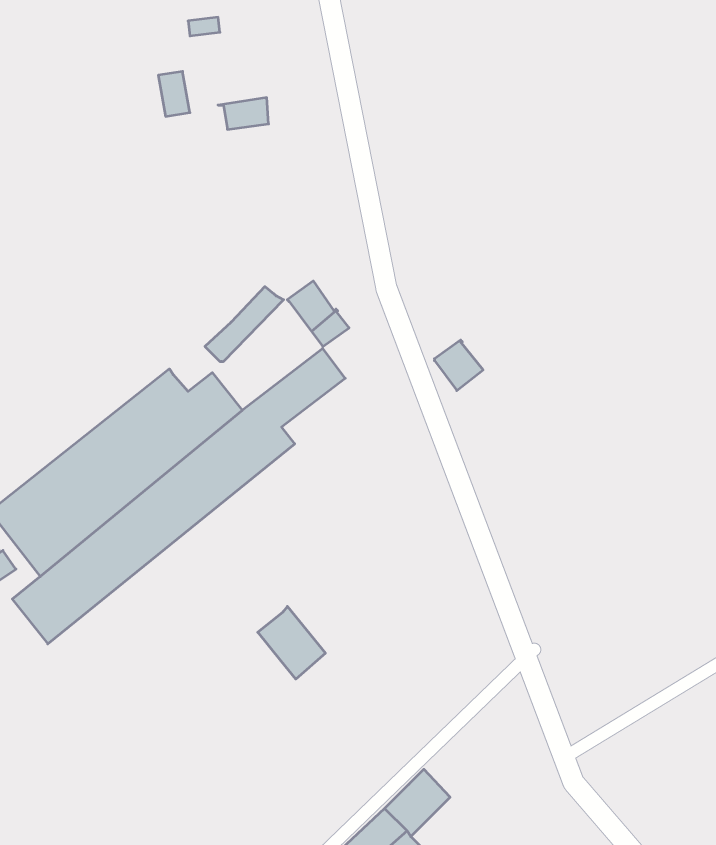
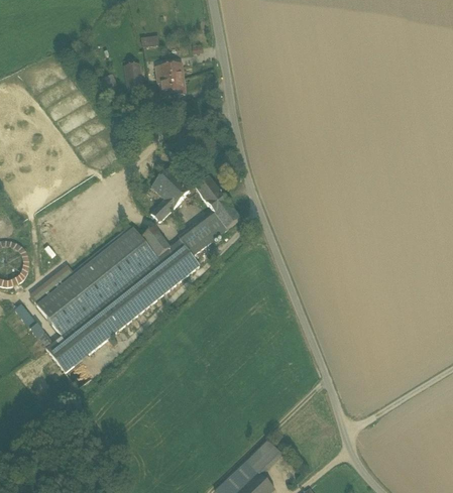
building: none -> [155,63,184,82]
building: none -> [151,166,183,199]
building: [434,340,483,391] -> [214,202,240,229]
building: [258,606,325,679] -> none

